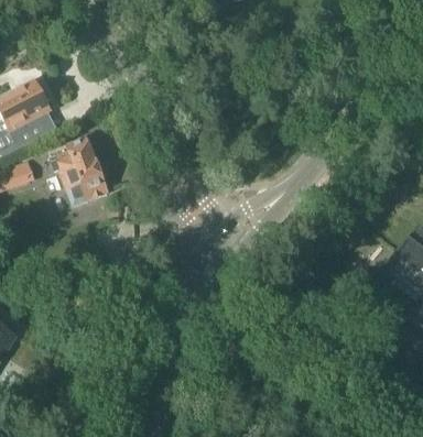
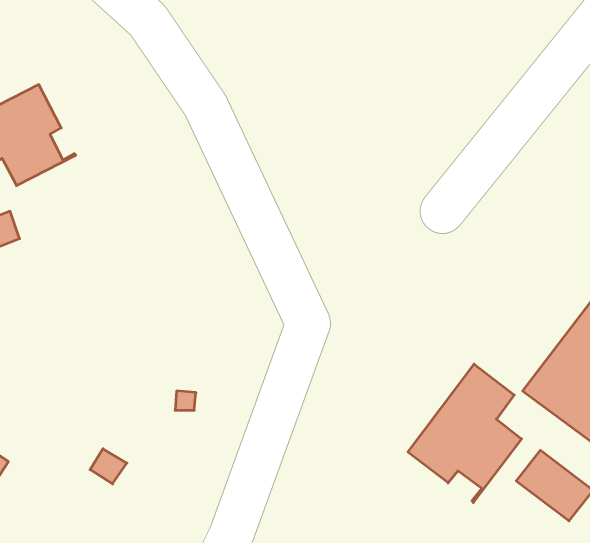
building: [53,138,110,203] -> none
building: none -> [408,364,522,503]

